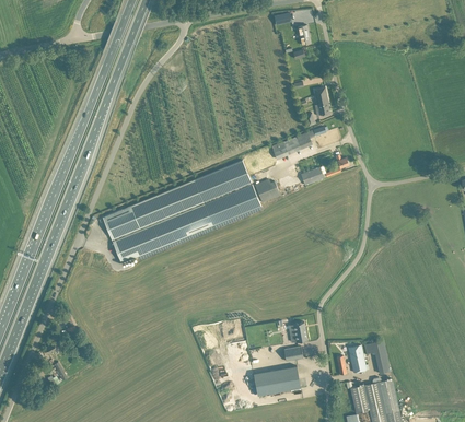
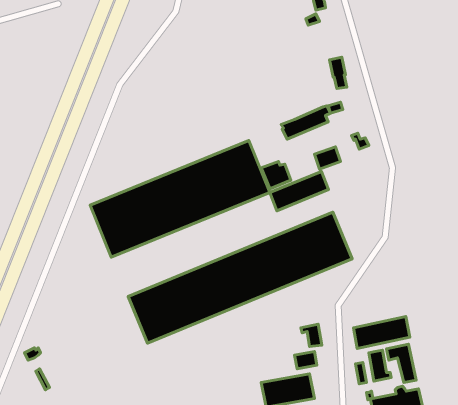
building: none -> [270,171,328,211]
building: none -> [128,212,352,343]
building: none -> [353,316,410,348]

